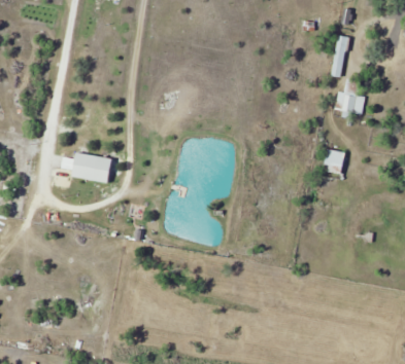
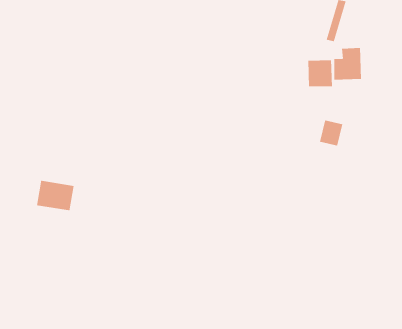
building: none -> [308,60,332,87]
building: [67,153,103,182] -> [36,180,74,211]

